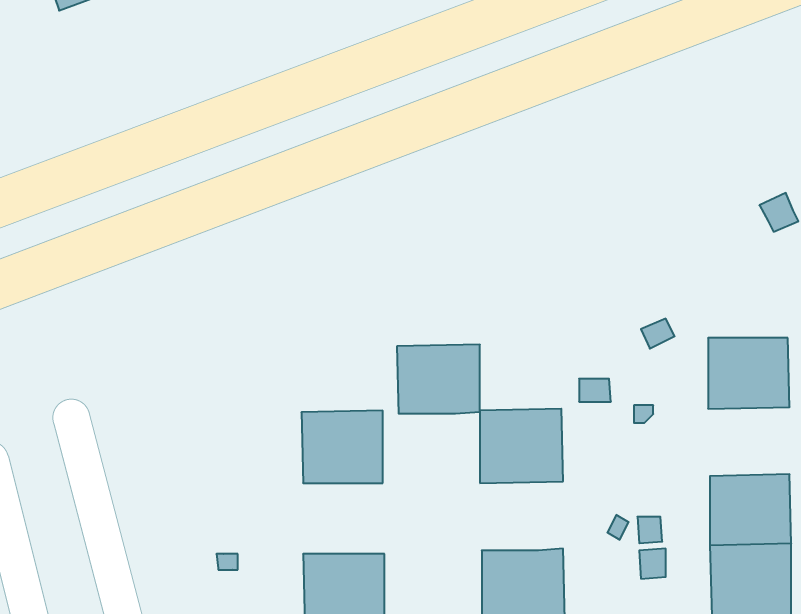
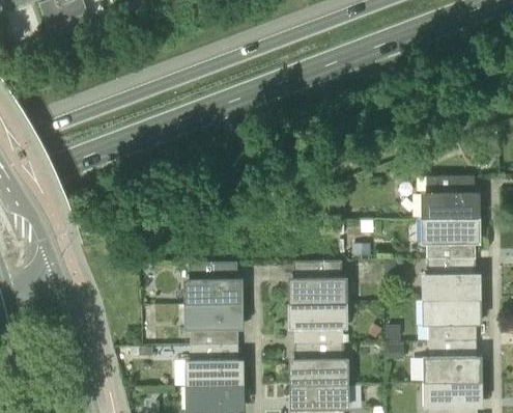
building: none -> [428,175,475,219]
building: [397,345,480,414] -> [294,303,343,343]
building: none -> [428,259,476,300]
building: none -> [191,304,238,346]

